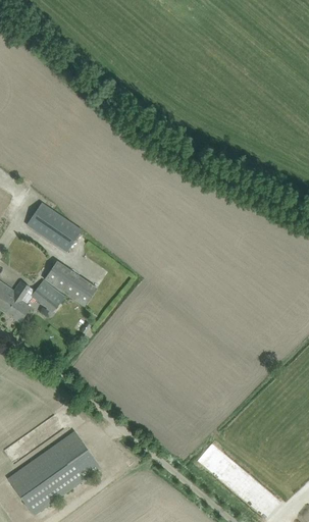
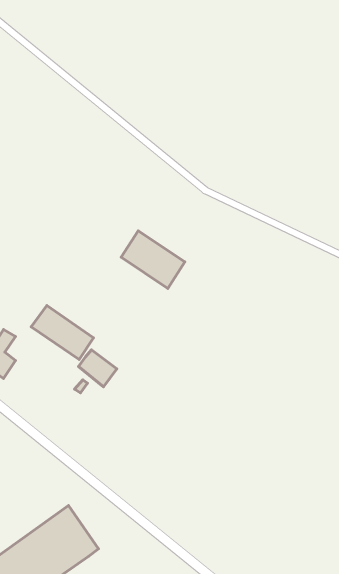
building: [27,203,81,252] -> [121,231,185,288]
building: [31,280,63,312] -> [78,350,117,387]

